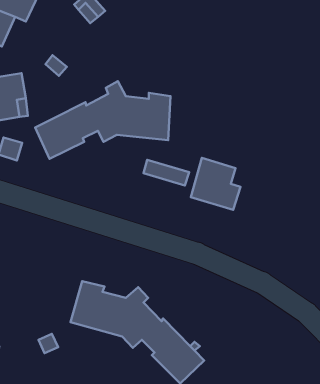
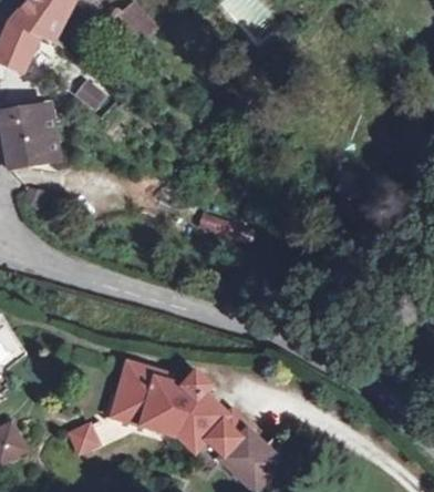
building: [35,81,171,159] -> none
building: [191,158,240,210] -> none

